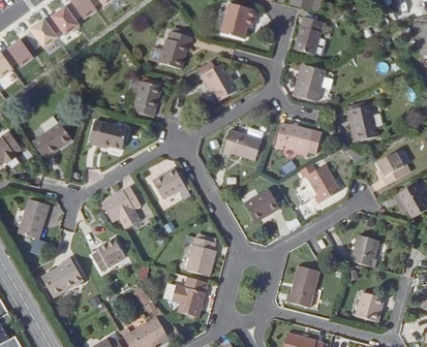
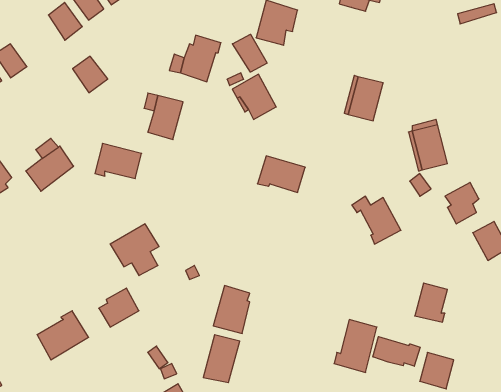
building: [295,17,324,54] -> none
building: [29,18,58,48] -> [73,56,108,93]
building: none -> [232,34,267,72]
building: [274,126,319,152] -> none
building: [153,168,185,199] -> none
building: [244,189,279,220] -> none
building: [19,198,50,240] -> none
building: none -> [373,337,420,366]

